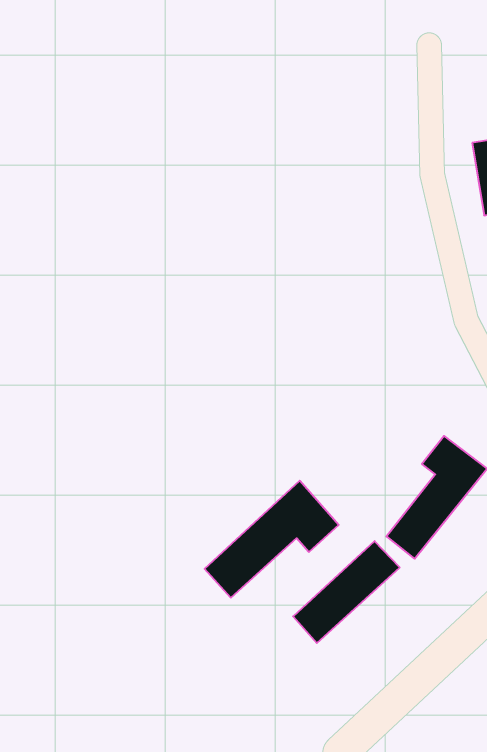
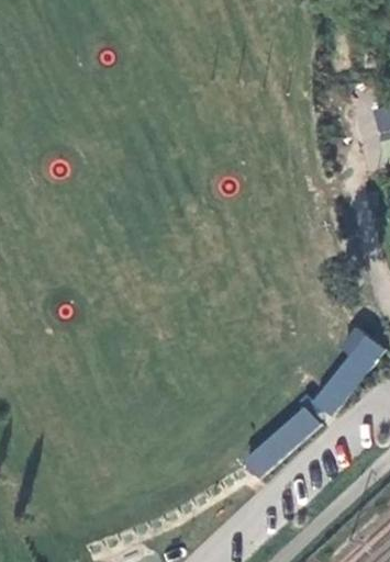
building: [205,481,339,598] -> none

